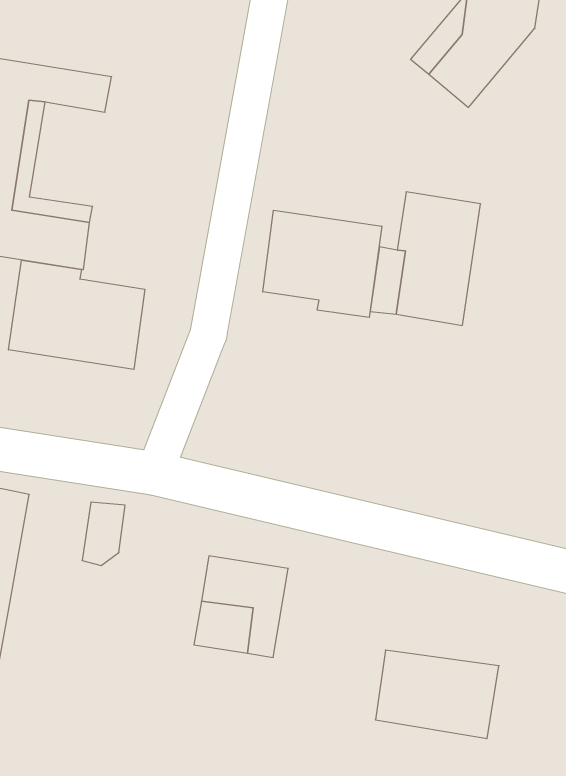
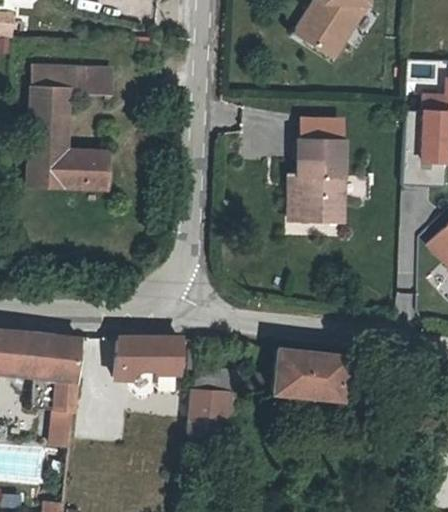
building: [263,210,382,317] -> none
building: [9,260,145,369] -> none
building: none -> [141,339,179,374]
building: [375,650,499,739] -> [279,343,351,391]

